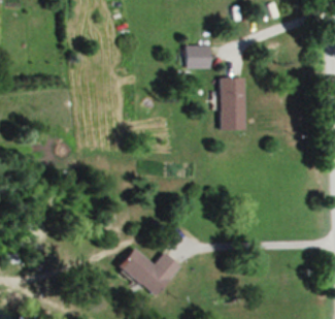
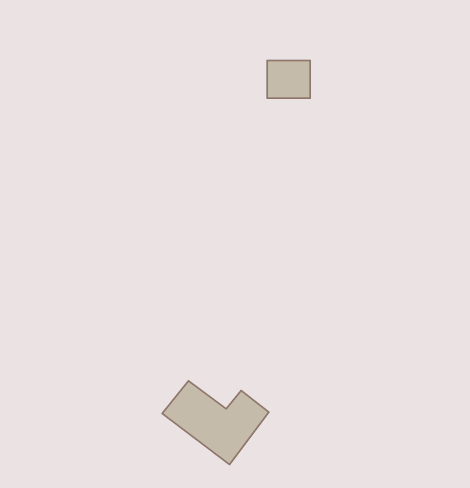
building: [219,76,246,131] -> none

